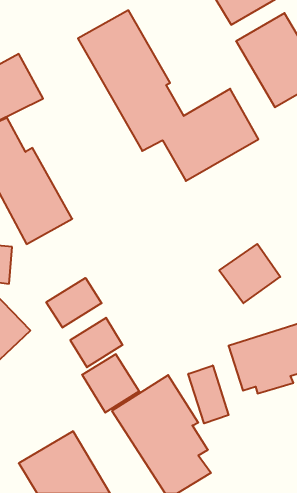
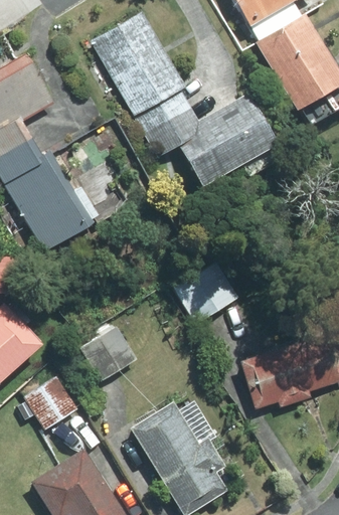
building: [219,244,280,303] -> [175,263,238,324]
building: [46,278,102,328] -> none
building: [82,354,139,413] -> [22,371,81,432]
building: [188,365,229,423] -> none

